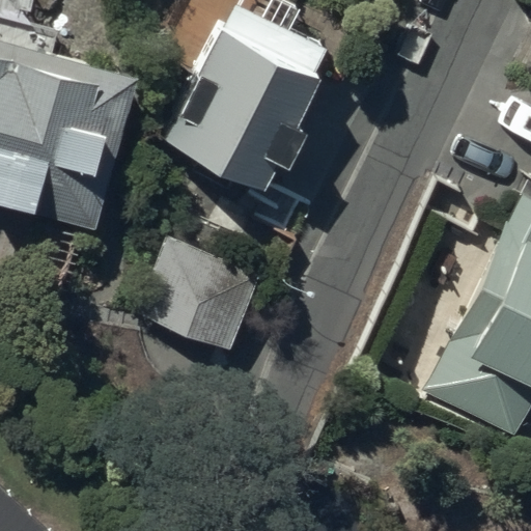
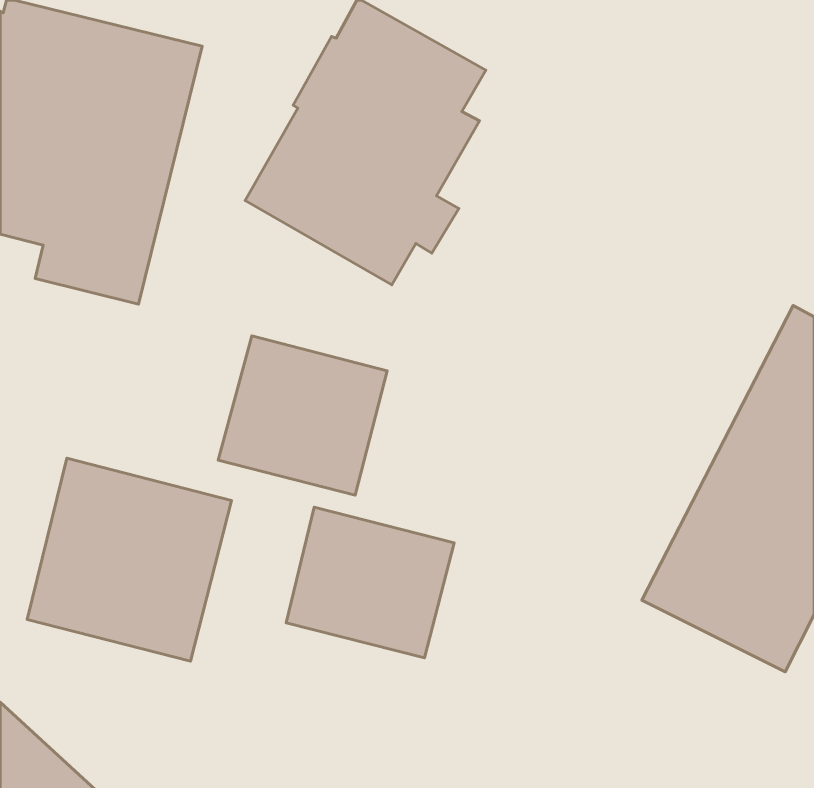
building: none -> [27,458,232,661]
building: none -> [286,507,454,658]

